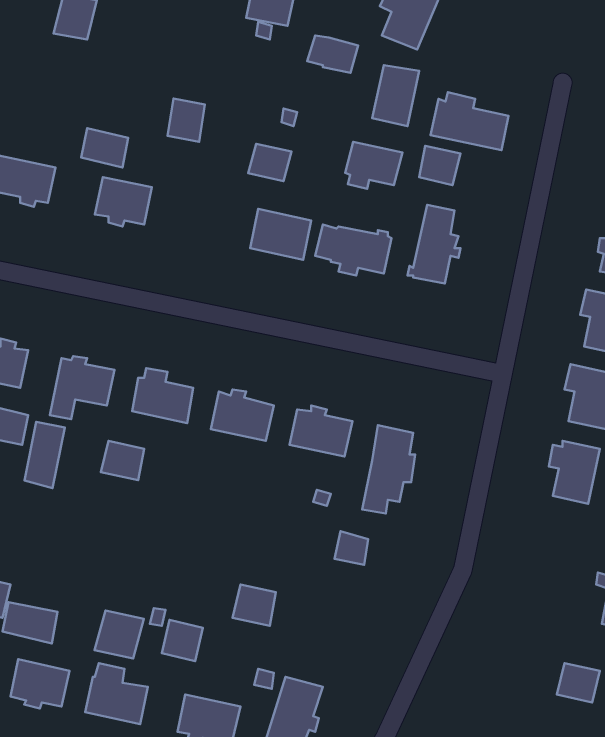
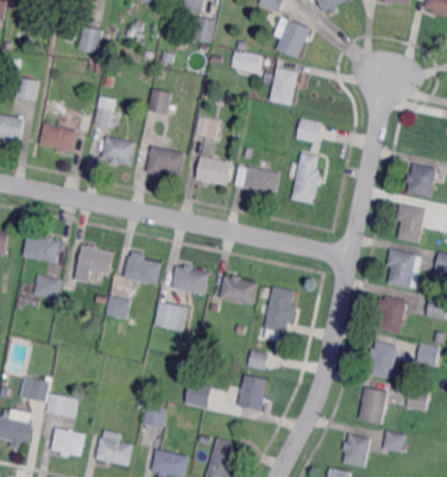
building: [431,92,509,150] -> none
building: [345,142,402,189] -> none
building: none -> [146,145,184,175]
building: [24,422,65,488] -> none
building: none -> [152,301,184,328]
building: none -> [367,340,397,379]
building: none -> [237,374,266,410]
building: none -> [358,387,388,423]
building: [95,610,144,659] -> none
building: none -> [341,433,371,466]

